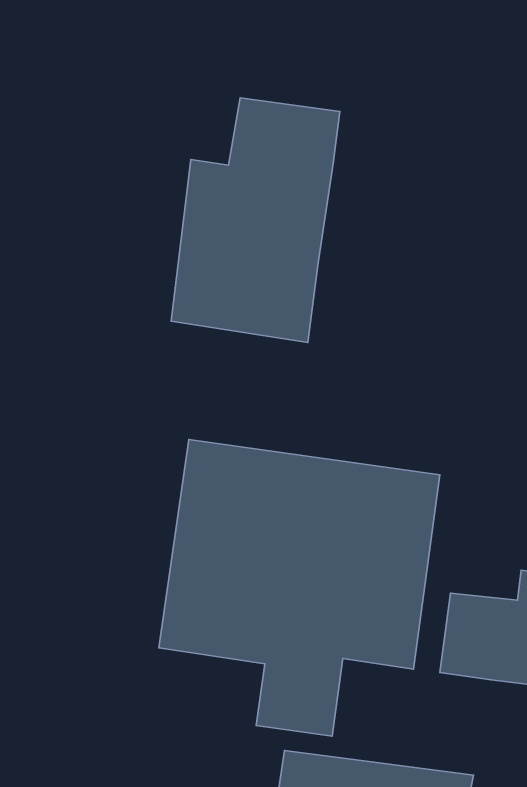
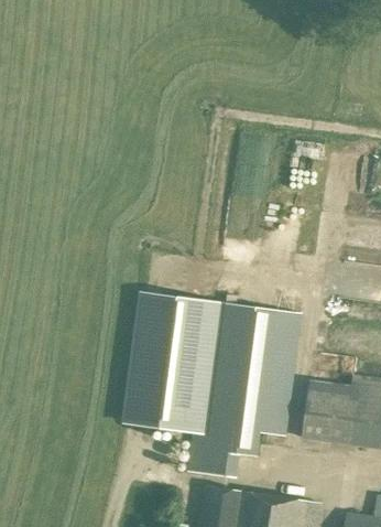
building: [171,98,340,342] -> none

